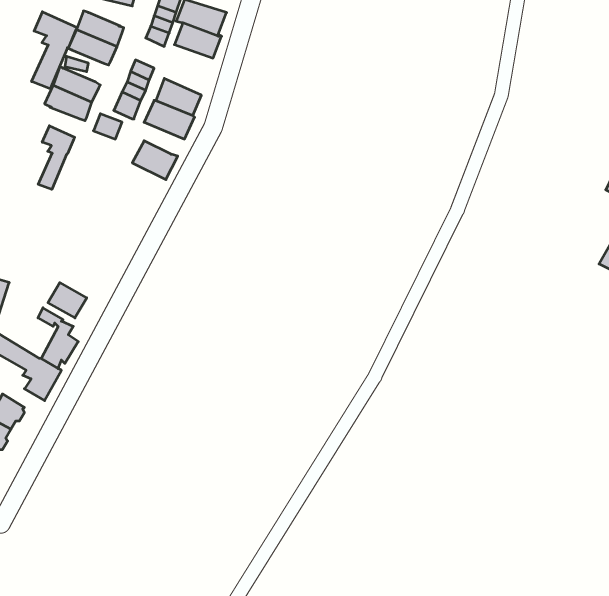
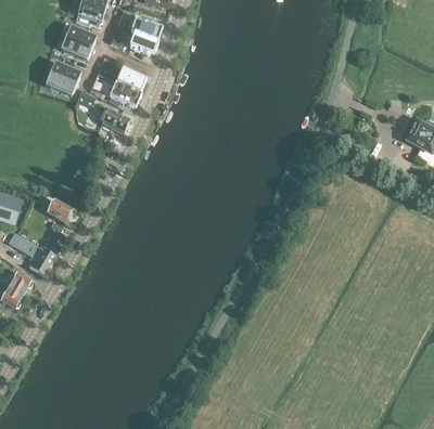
building: [32,12,77,89] -> none
building: [38,126,75,189] -> none

